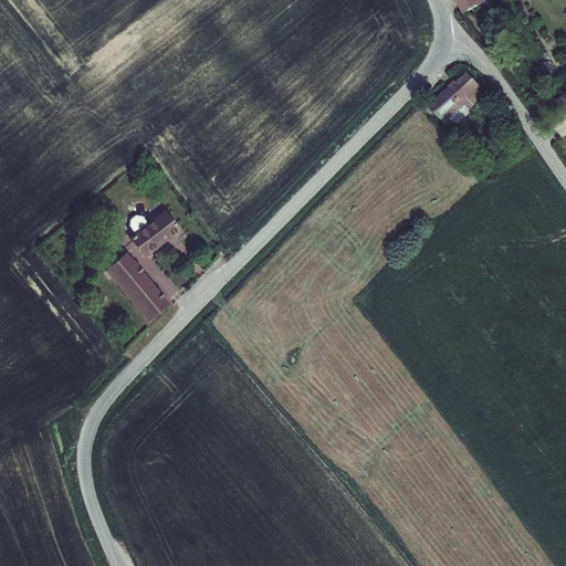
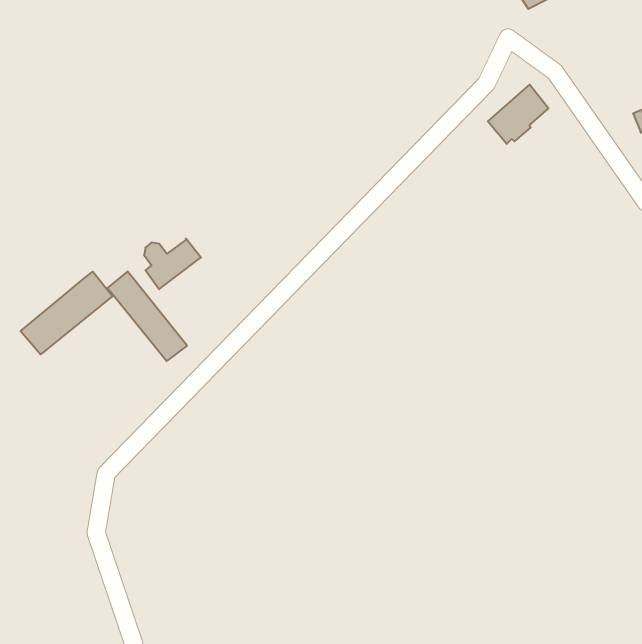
building: none -> [21,272,113,354]

